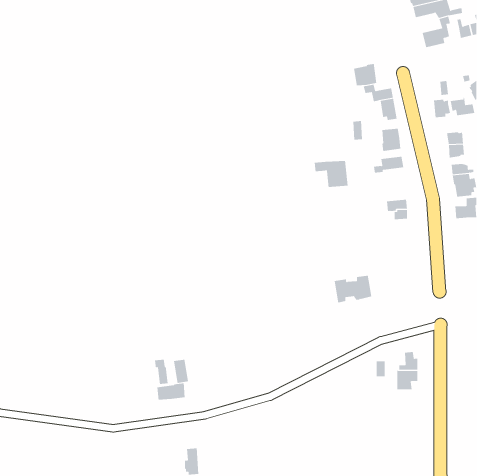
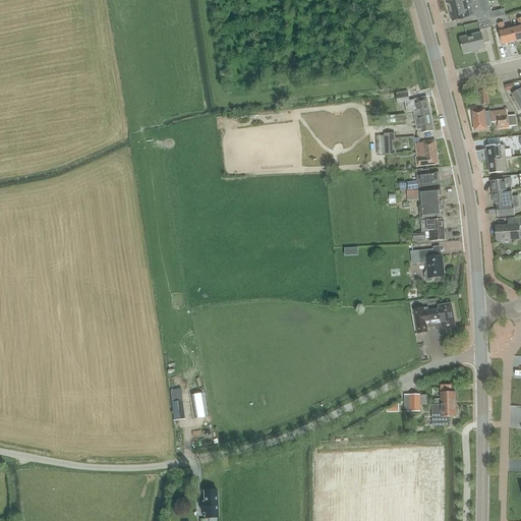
building: [353,63,377,86] -> none
building: [314,161,349,188] -> [405,187,443,217]
building: none -> [410,247,443,280]
building: [334,275,372,303] -> [413,301,455,332]
building: [157,383,185,401] -> none

